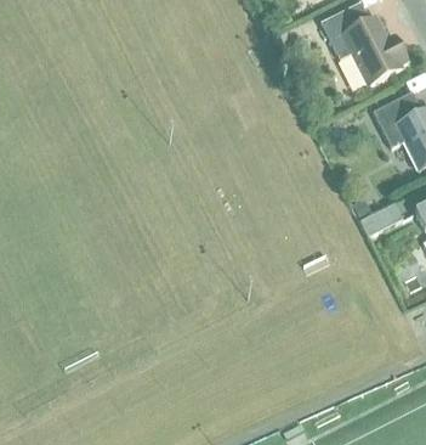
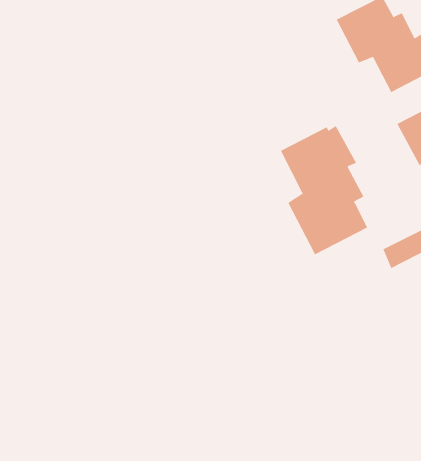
building: none -> [280,125,368,255]

